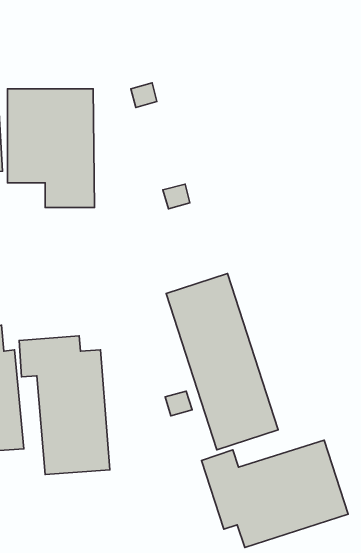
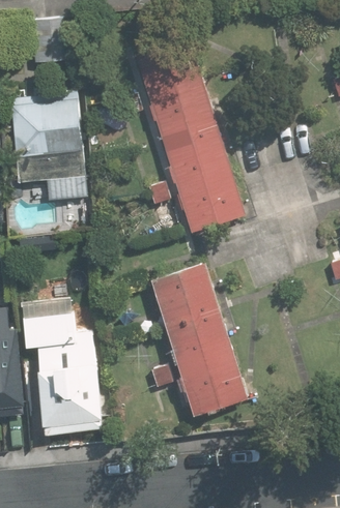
building: none -> [134,39,243,231]
building: [202,440,348,547] -> none

